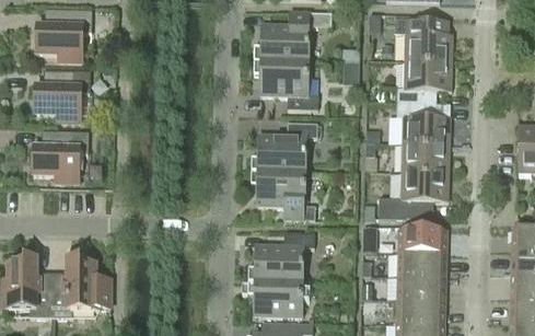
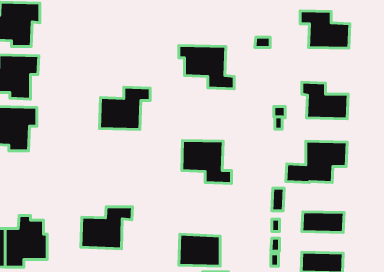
building: [254,11,332,60] -> none
building: [397,61,452,103] -> none
building: [258,121,317,171] -> [99,87,150,129]
building: [402,143,450,172] -> none
building: [398,228,446,254] -> none
building: [255,232,315,281] -> [81,207,133,249]
building: [397,276,445,301] -> none

